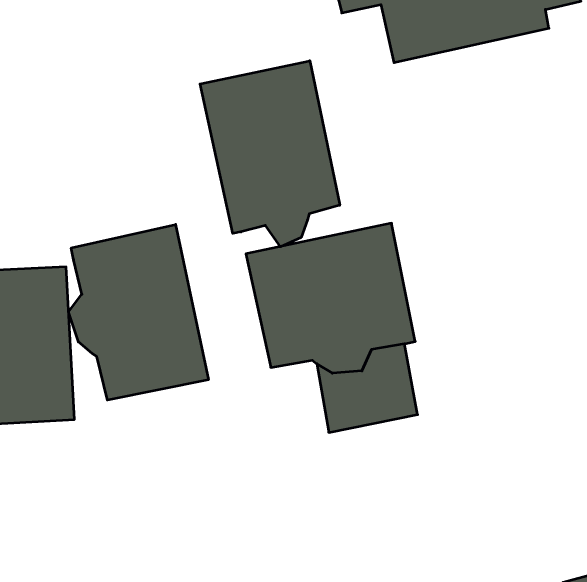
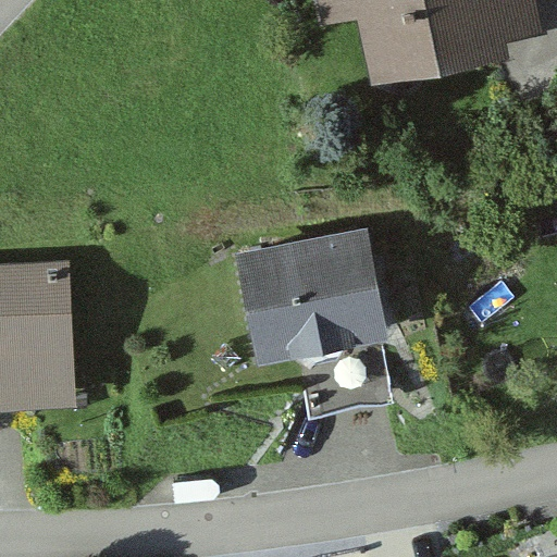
building: [200,61,340,247] -> none
building: [69,224,208,400] -> none

